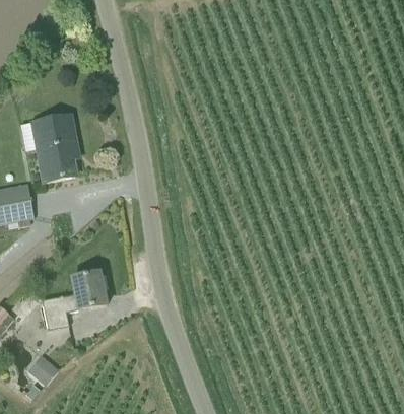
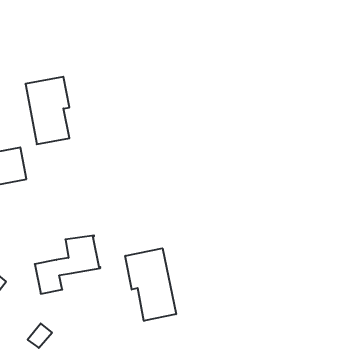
building: none -> [125,248,176,321]

